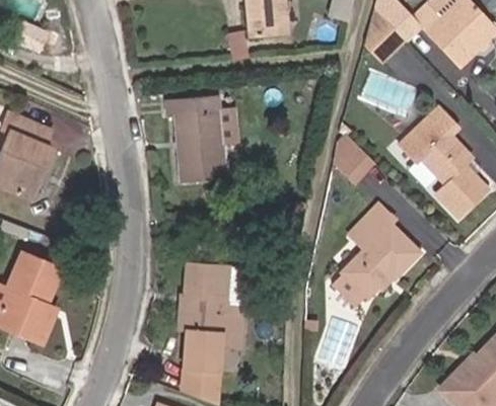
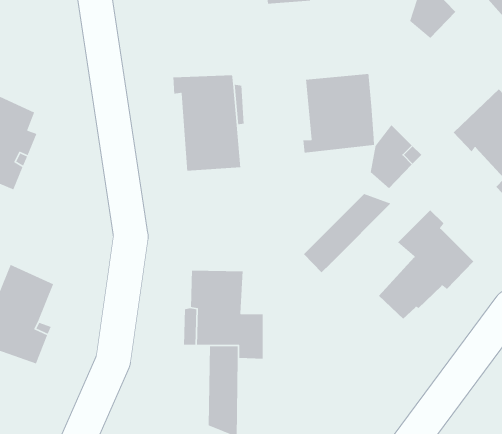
building: none -> [302,73,375,153]
building: none -> [303,193,392,273]

